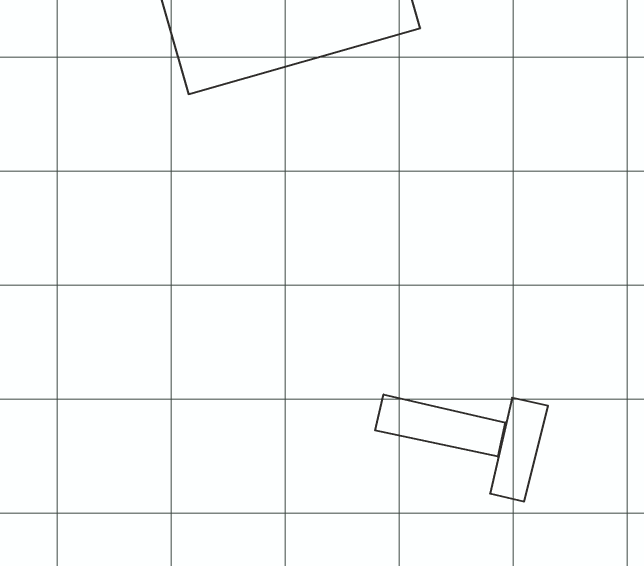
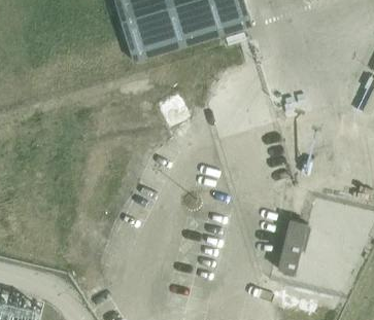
building: [375,394,505,457] -> none

